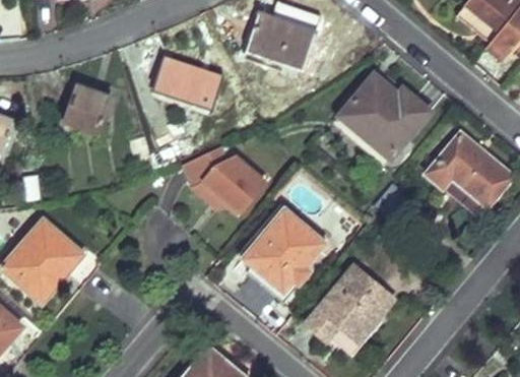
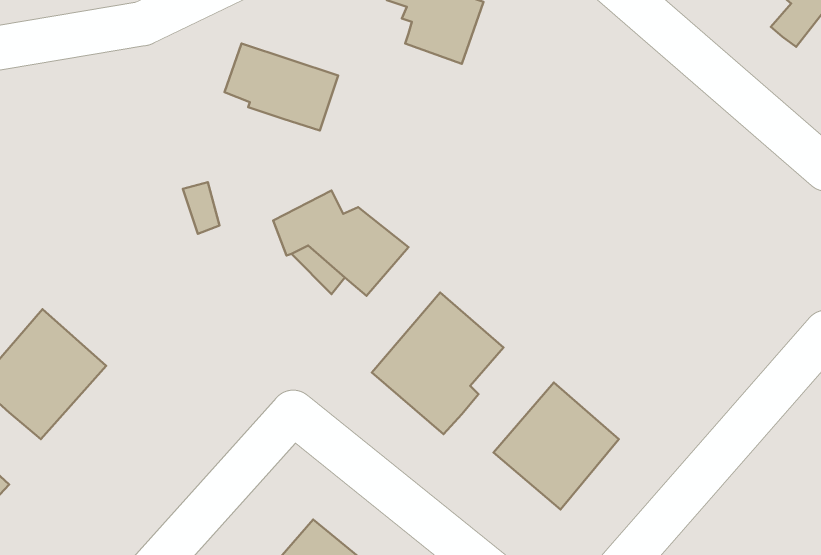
building: [338,72,430,158] -> none
building: [63,85,110,134] -> none
building: [427,132,511,204] -> none
building: [303,306,358,353] -> none

